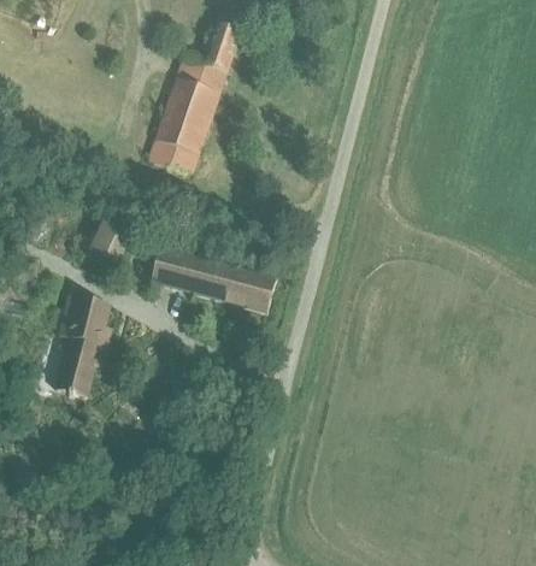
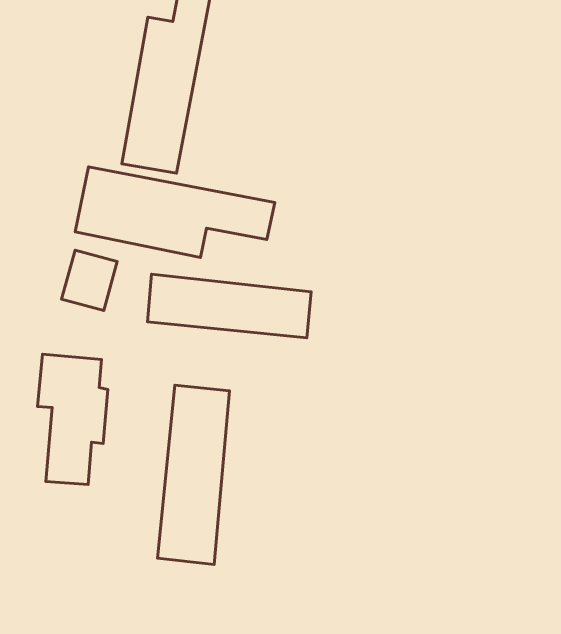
building: none -> [75,167,275,258]
building: none -> [157,385,230,565]

